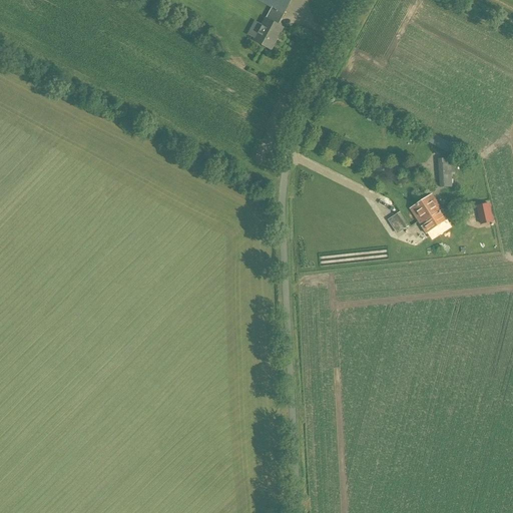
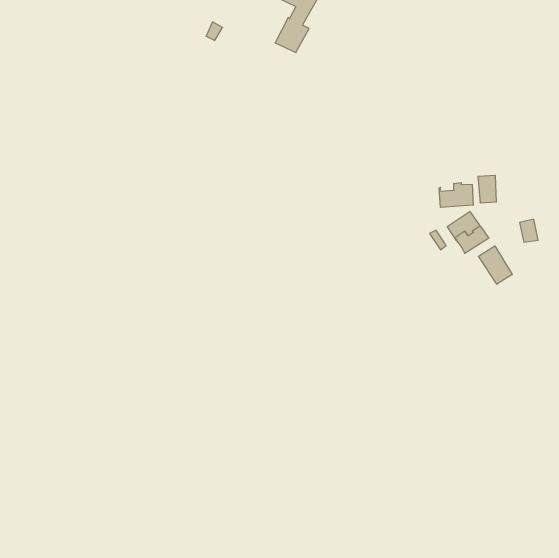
building: none -> [439,183,473,207]
building: none -> [478,246,512,284]

